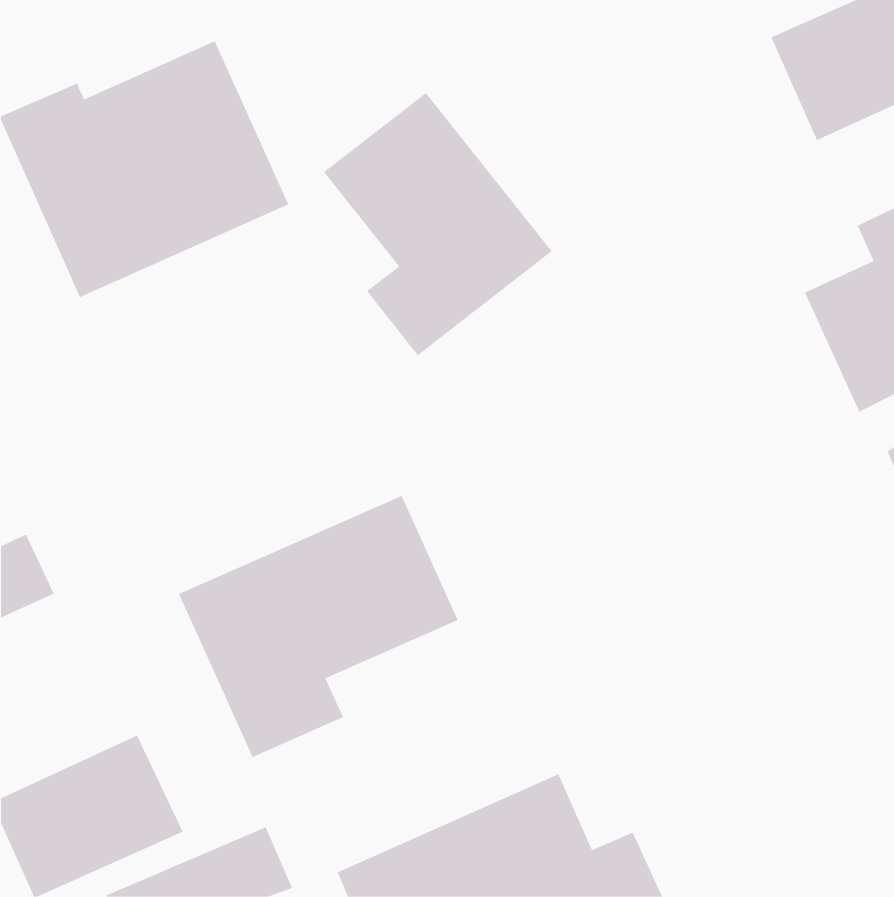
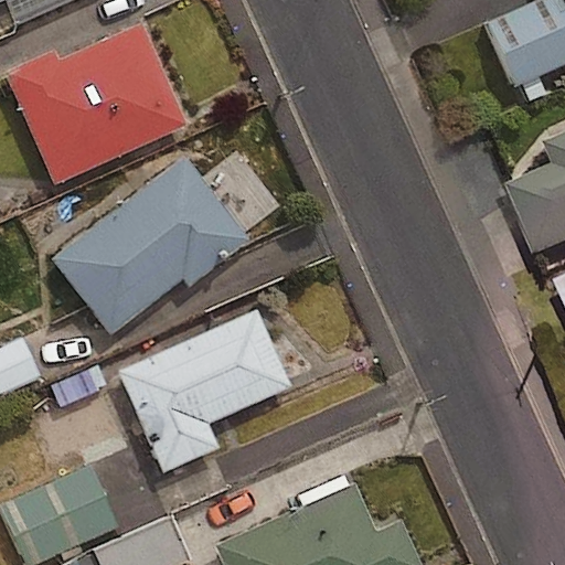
building: [323,92,553,356] -> none
building: none -> [49,156,249,338]

